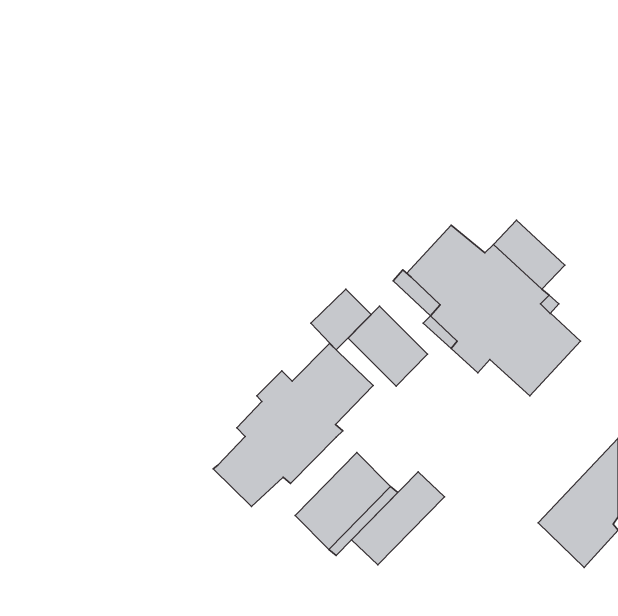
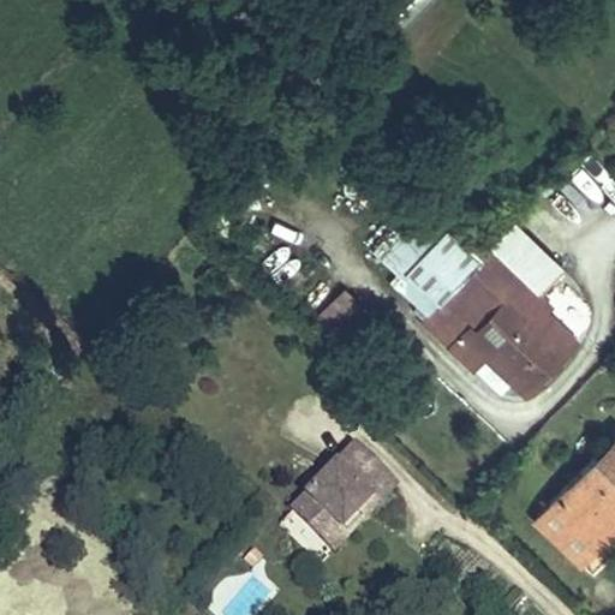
building: [348,306,428,386] -> none
building: [213,343,373,507] -> none
building: [352,472,444,565] -> none

